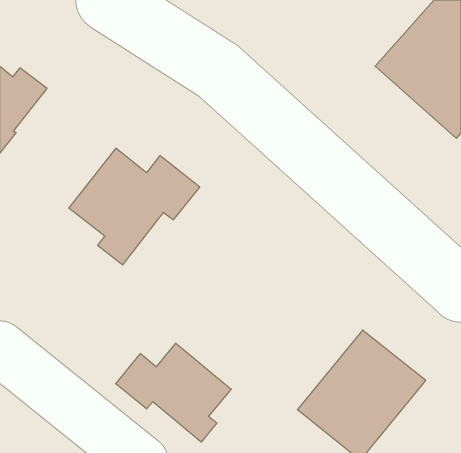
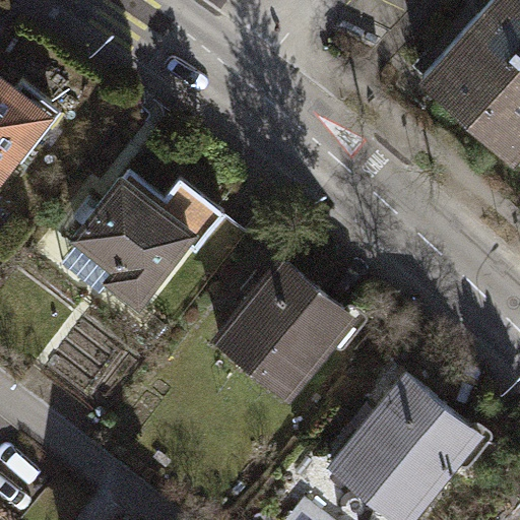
building: none -> [218,265,351,399]
building: [116,343,231,442] -> none

